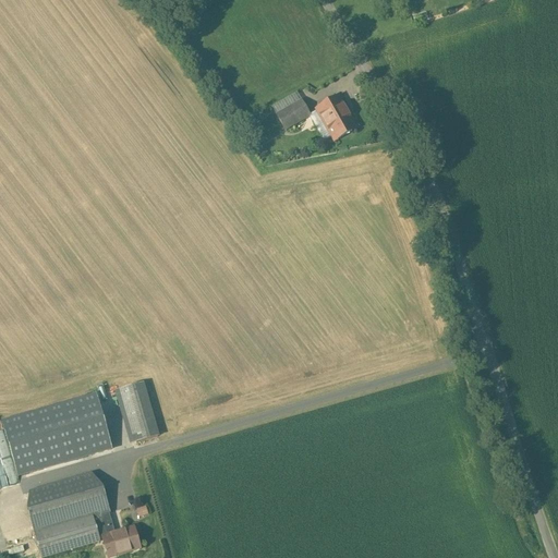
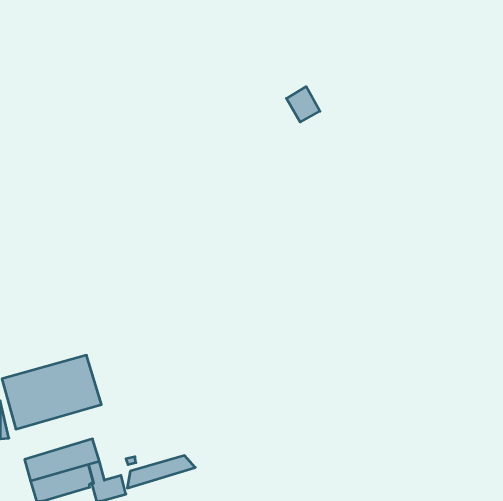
building: [276,99,311,129] -> none
building: [121,383,157,440] -> none
building: [27,473,102,509] -> [127,456,195,488]

